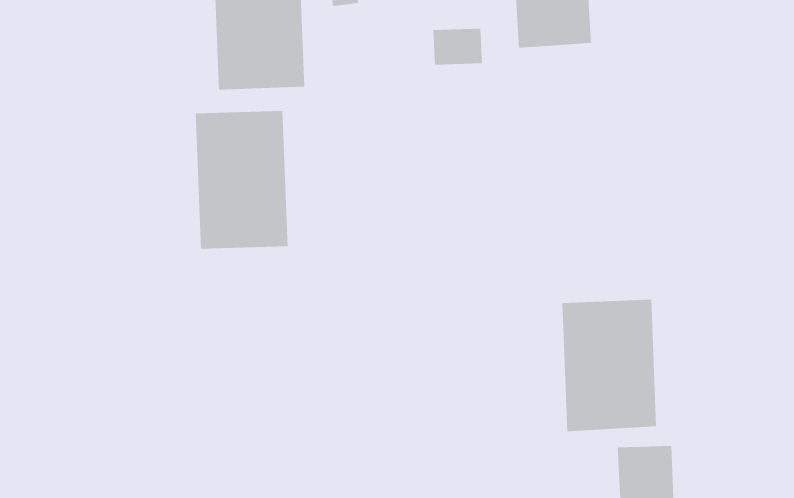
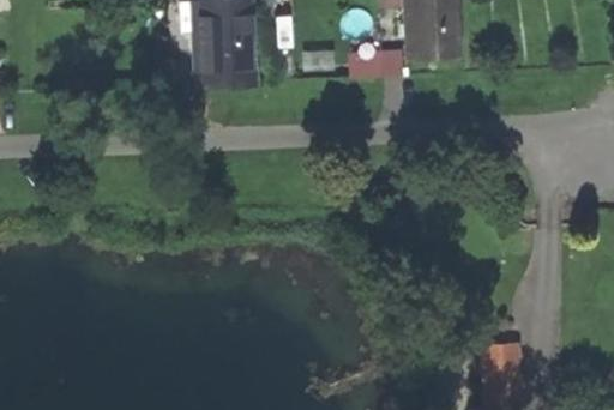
building: [195,110,288,250] -> none
building: [562,299,657,432] -> none

